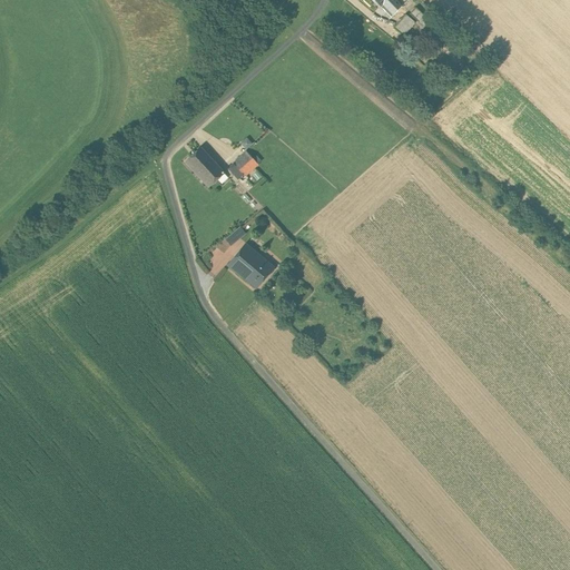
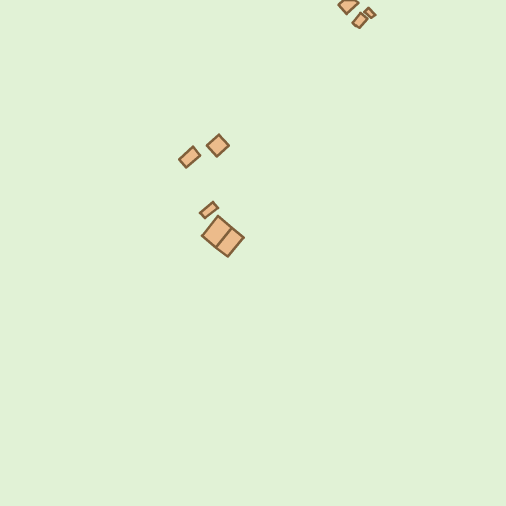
building: [185,147,217,179] -> none

